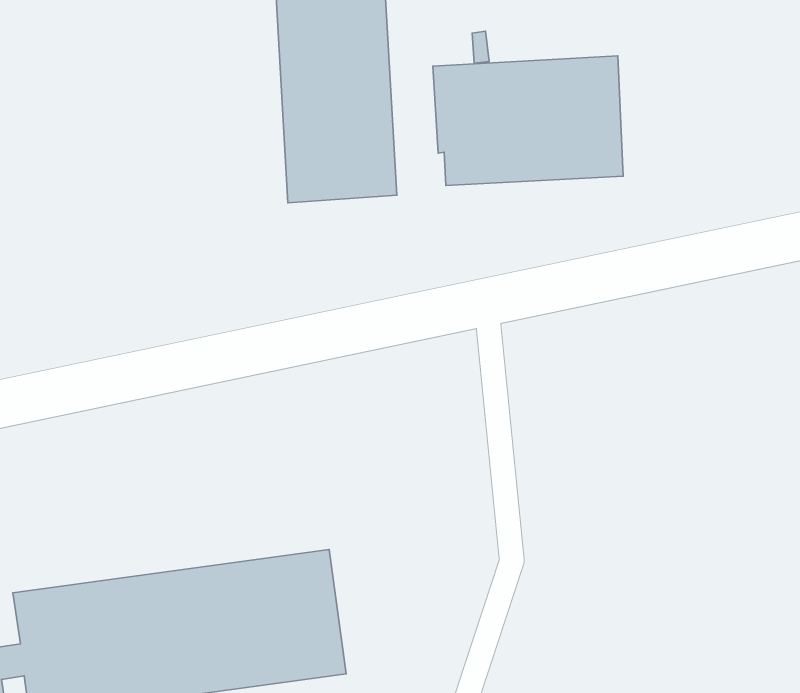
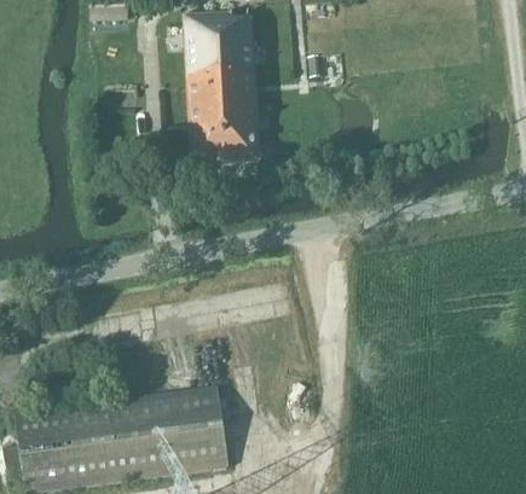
building: [433,56,623,185] -> none

